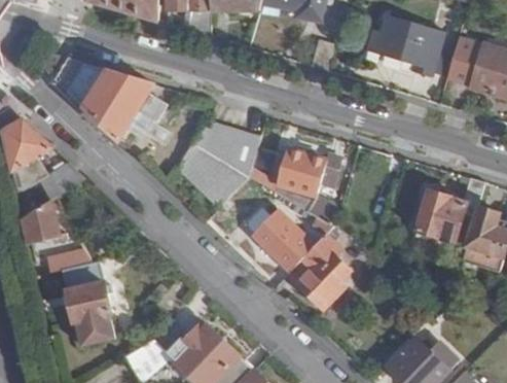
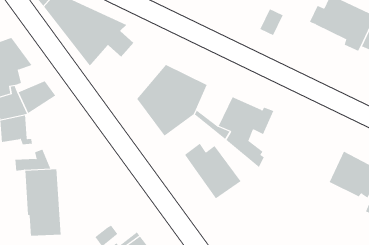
building: [283,234,350,308] -> none

